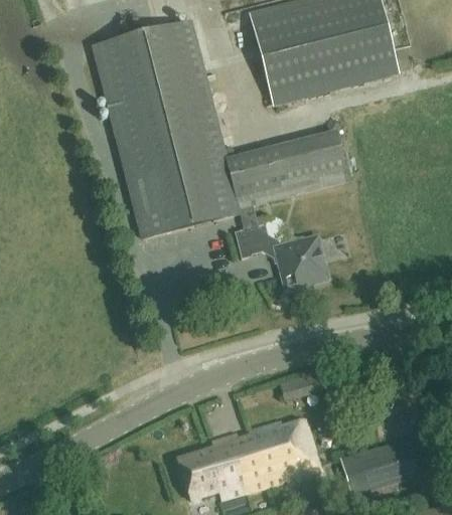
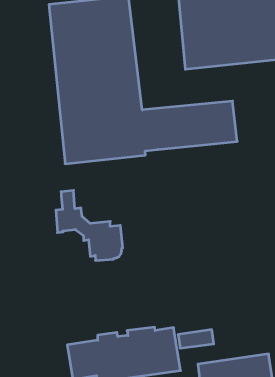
building: [235,203,323,285] -> [56,190,123,260]
building: [279,371,324,399] -> [178,330,214,348]

